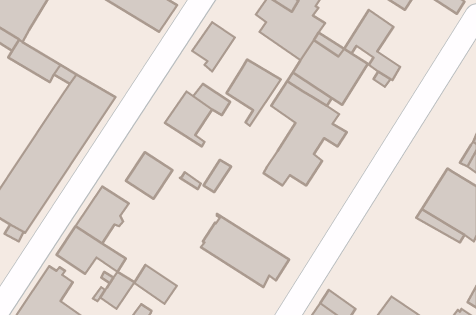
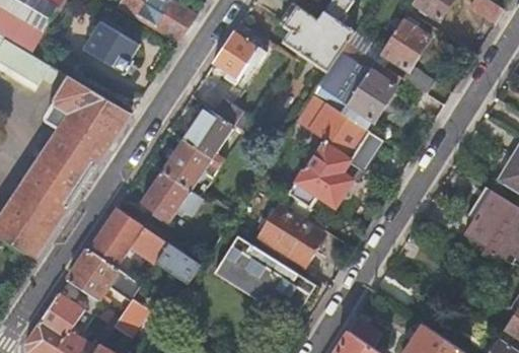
building: none -> [83,20,138,73]
building: [226,60,281,126] -> none
building: none -> [161,139,222,190]
building: none -> [260,207,322,265]
building: [134,265,177,304] -> [156,242,202,284]

